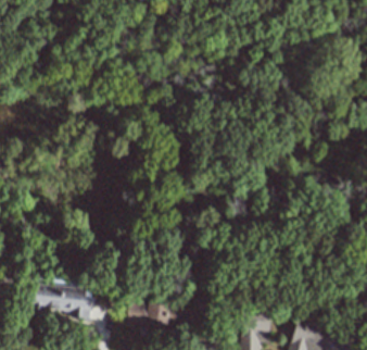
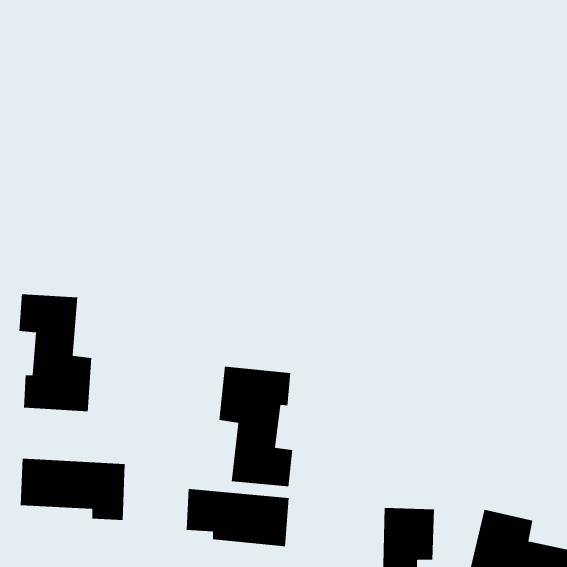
building: none -> [19,294,92,412]
building: none -> [219,366,293,487]

